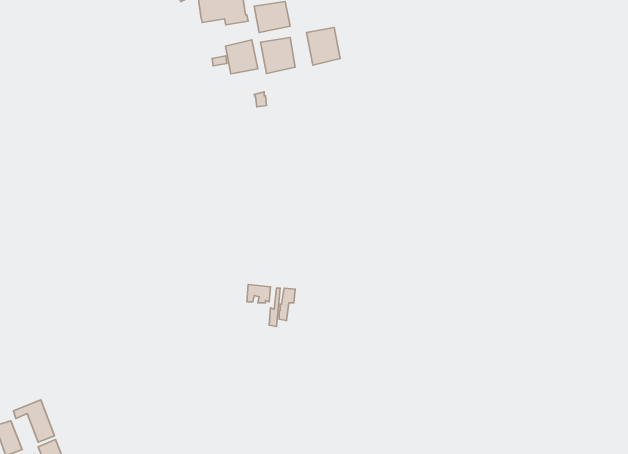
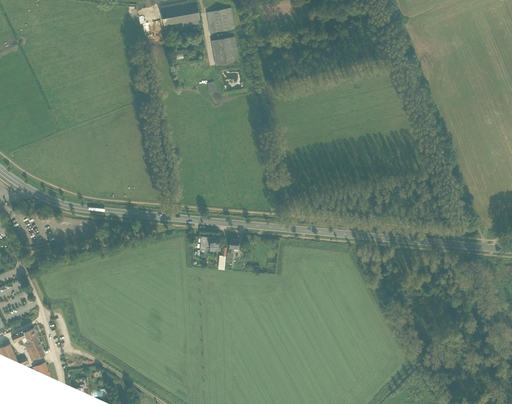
building: [306,27,340,65] -> none
building: [226,40,258,74] -> none

